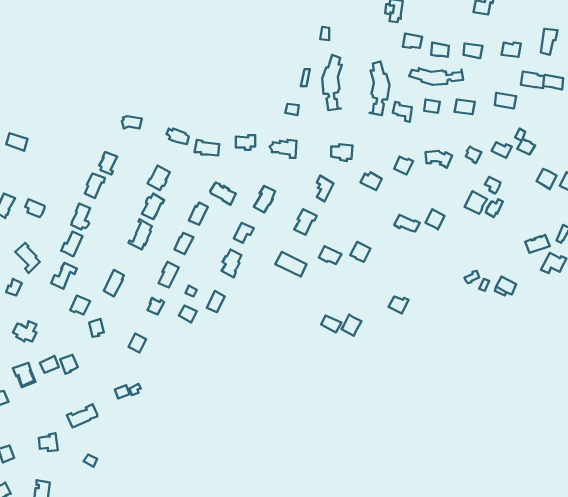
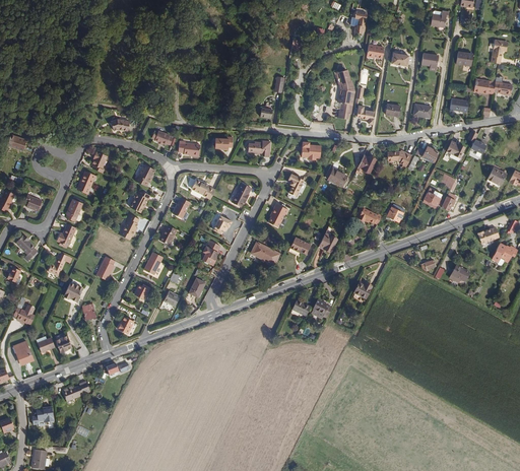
building: [322,55,342,110] -> none
building: [409,68,463,85] -> none

